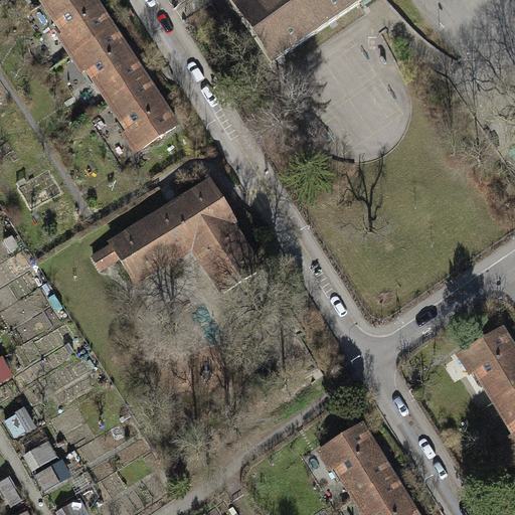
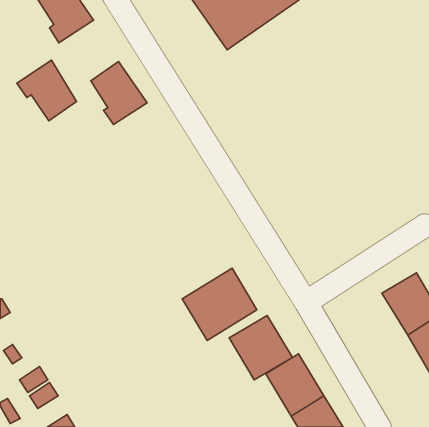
building: [71,24,143,97] -> [17,60,77,121]
building: [94,184,261,290] -> none
building: none -> [182,268,257,340]
building: none -> [229,315,292,380]

